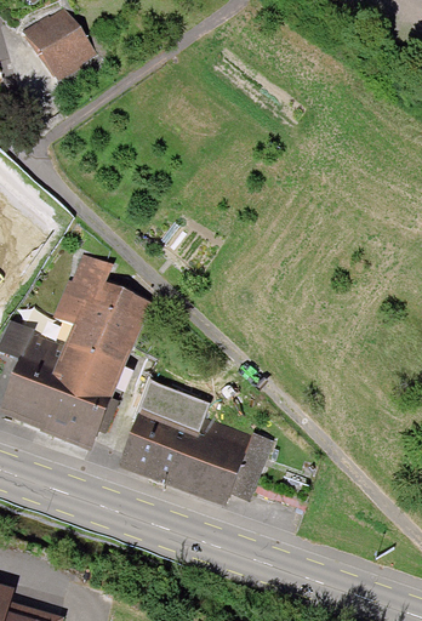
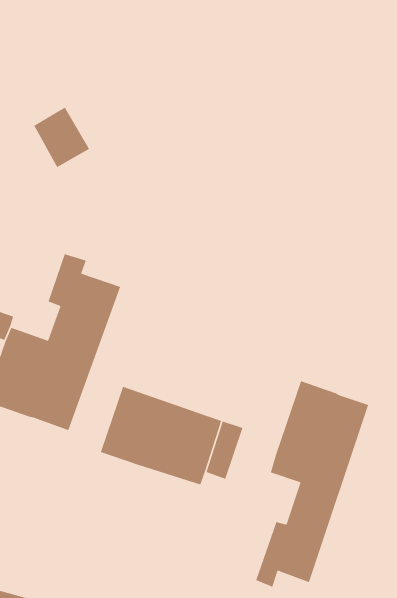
building: [29,12,87,75] -> [33,107,90,168]
building: none -> [255,380,369,588]

